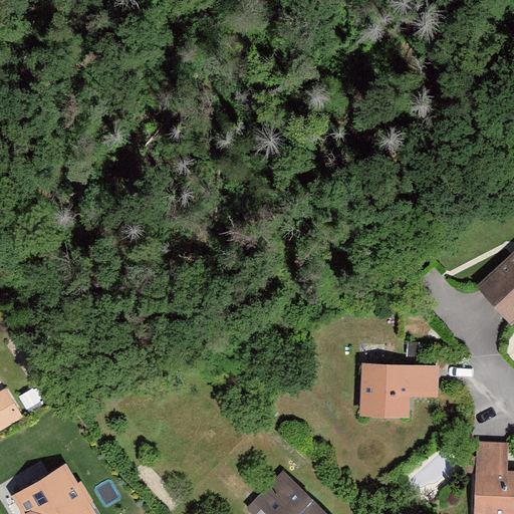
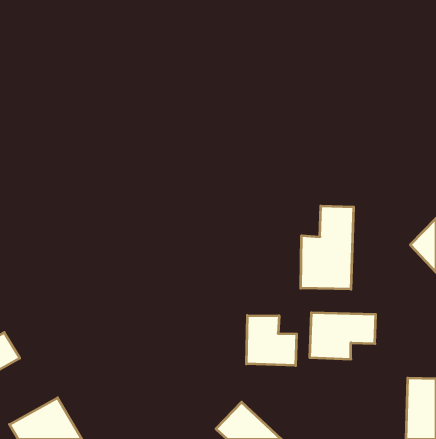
building: none -> [301,206,354,289]
building: none -> [246,315,297,366]

